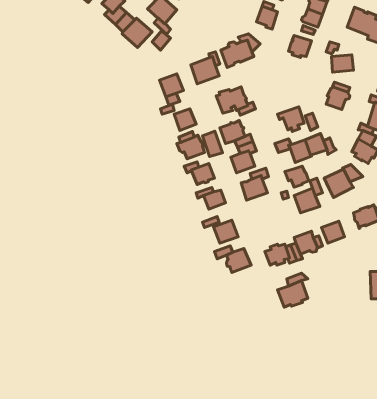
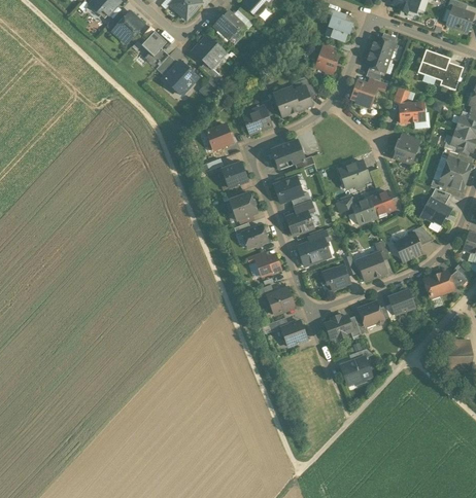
building: [202,131,222,157] -> none
building: [285,166,309,187] -> [322,265,349,289]

